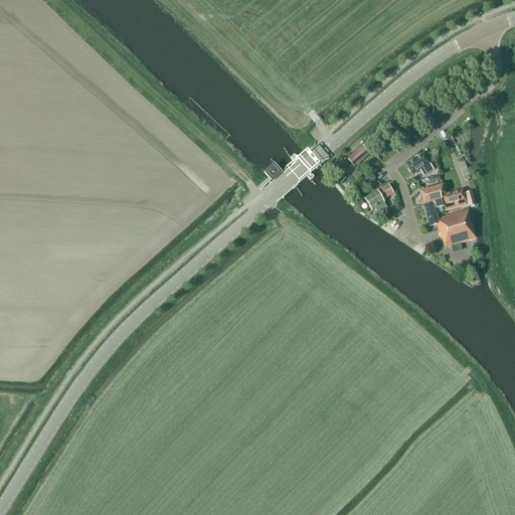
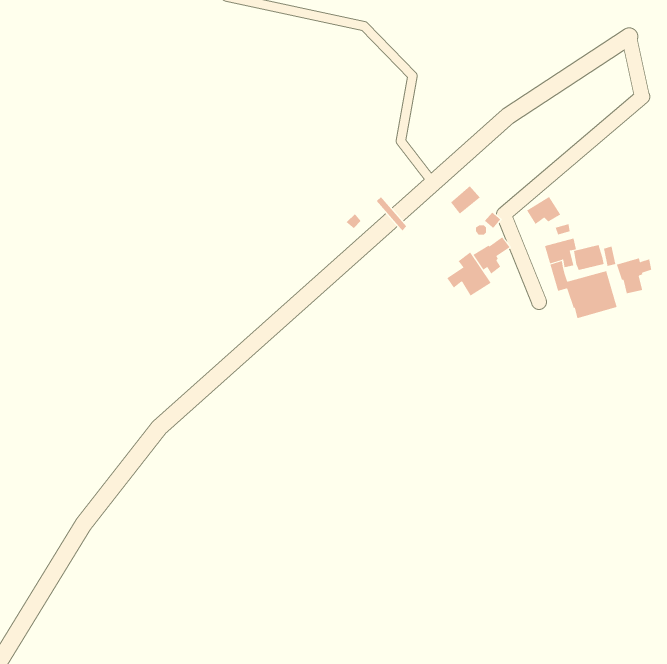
building: none -> [446,252,491,296]
building: none -> [616,257,652,294]

